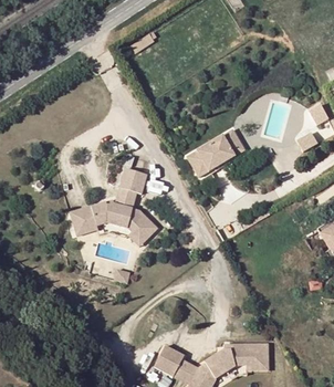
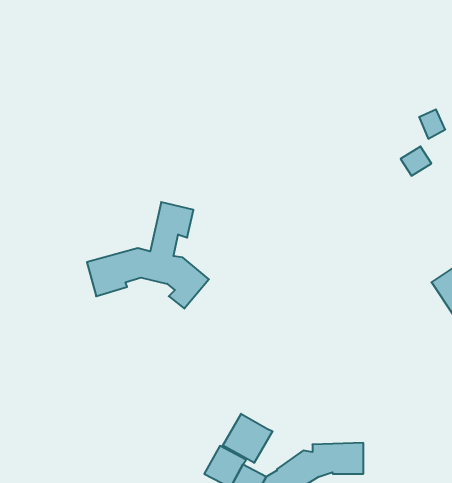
building: [184,128,244,180] -> none
building: none -> [223,414,273,463]

